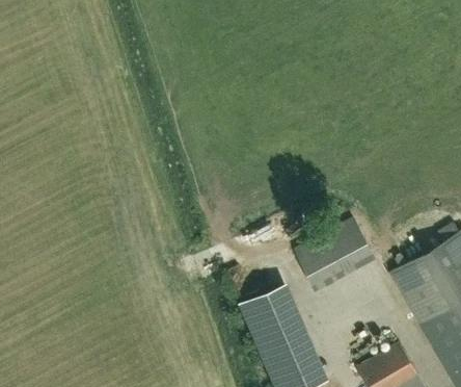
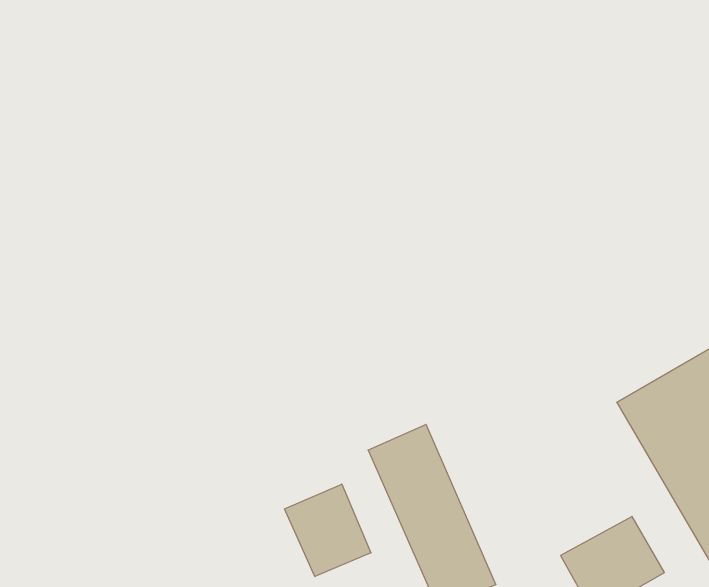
building: [298,217,382,292] -> none
building: none -> [285,484,371,577]

